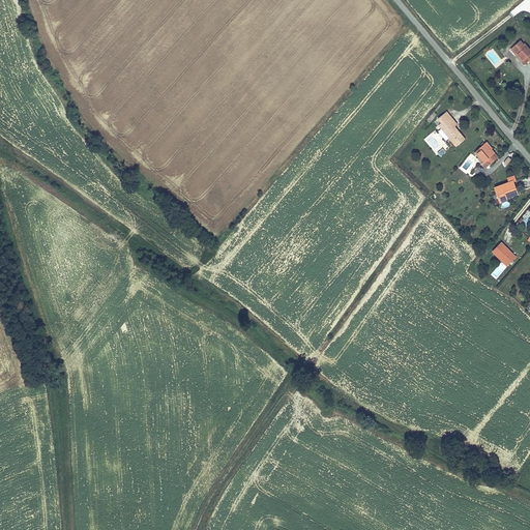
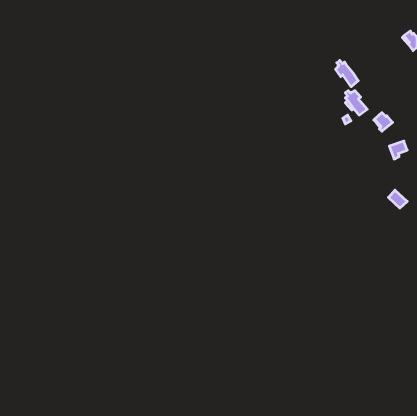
building: none -> [336,60,358,87]

